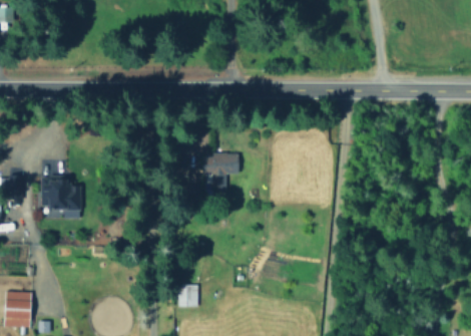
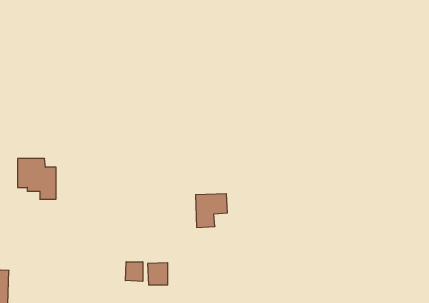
building: [206,153,240,189] -> [196,194,227,227]
building: none -> [125,262,143,281]

